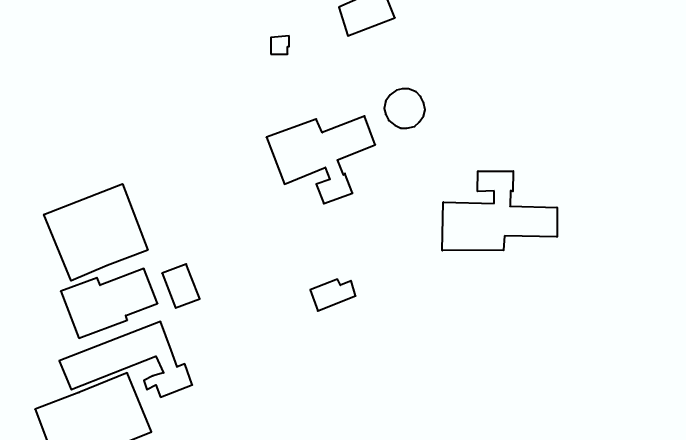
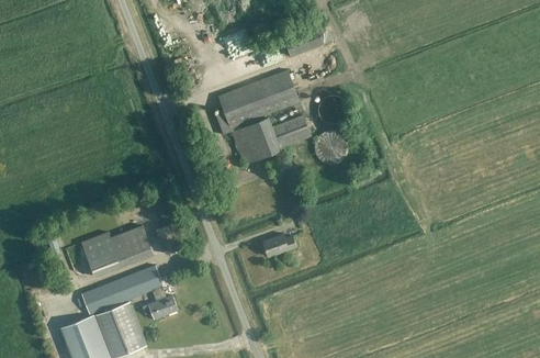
building: none -> [217,70,296,127]
building: none -> [312,131,346,165]
building: [442,171,557,251] -> none
building: [44,184,148,281] -> none

